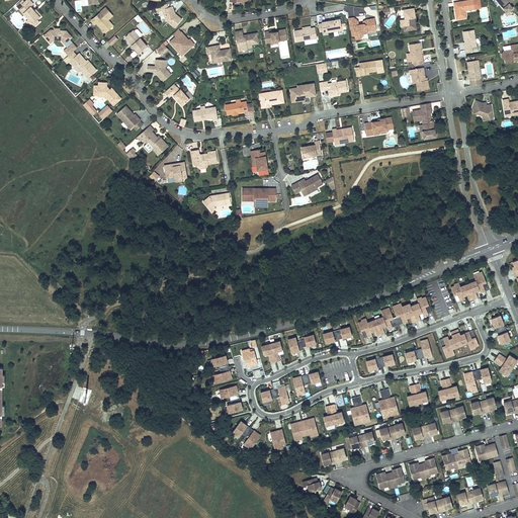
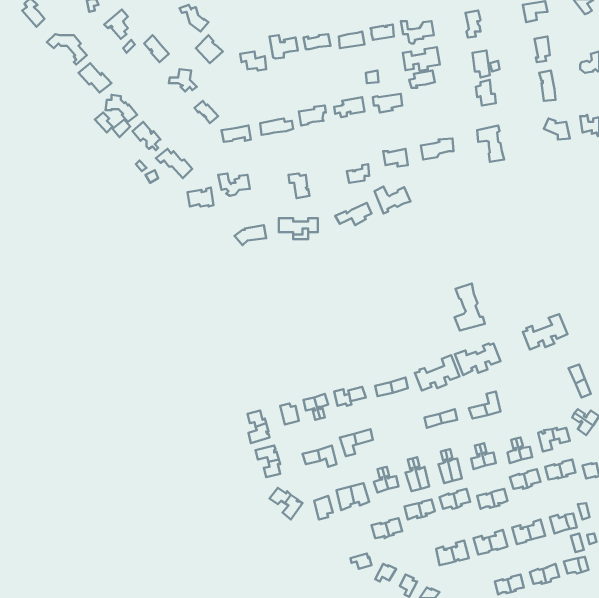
building: none -> [403,47,440,71]
building: none -> [375,186,411,213]
building: none -> [455,283,485,331]
building: [439,329,479,357] -> none

